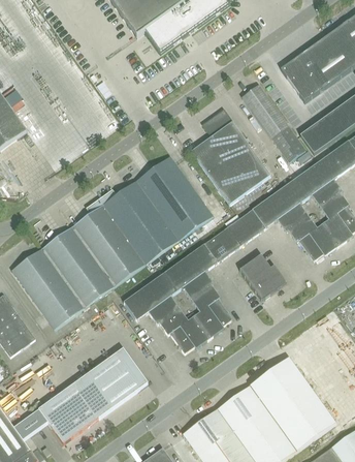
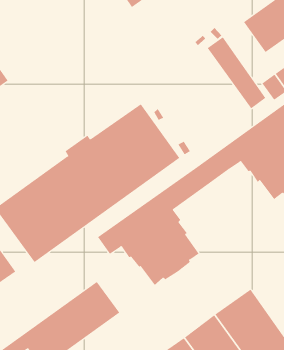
building: [191,110,270,205] -> none
building: [239,254,287,301] -> none

